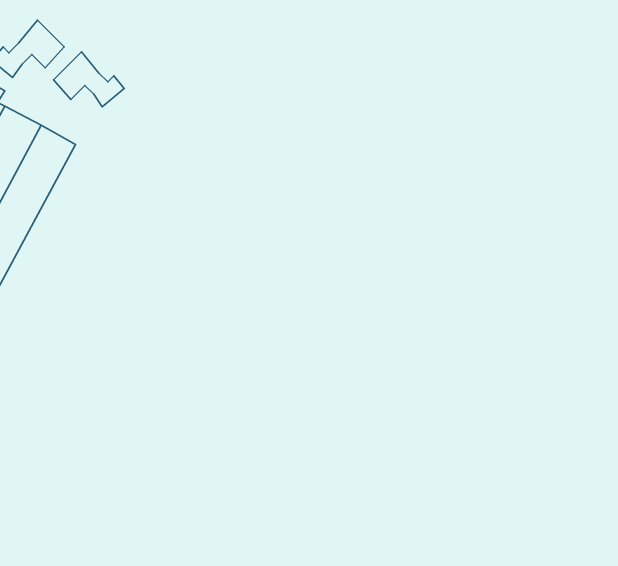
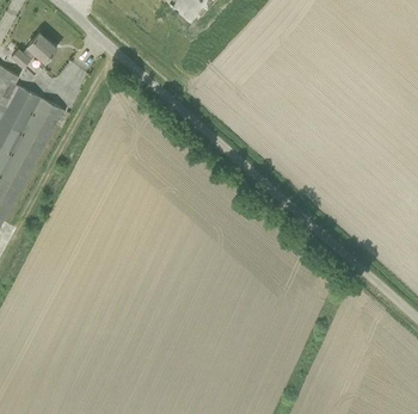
building: [53,52,124,107] -> none

